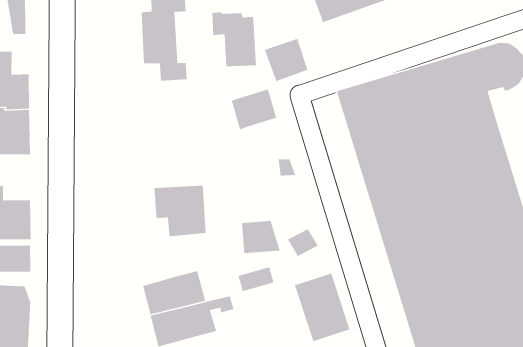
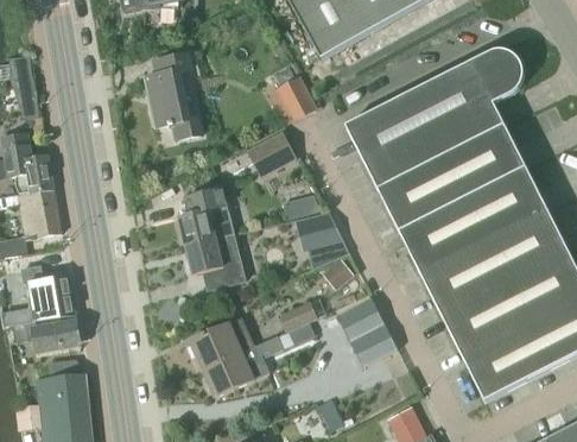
building: [211,12,257,67] -> none
building: none -> [178,188,233,244]
building: [241,220,281,254] -> [299,211,342,248]

